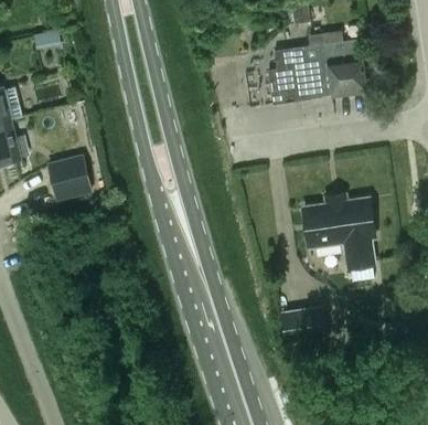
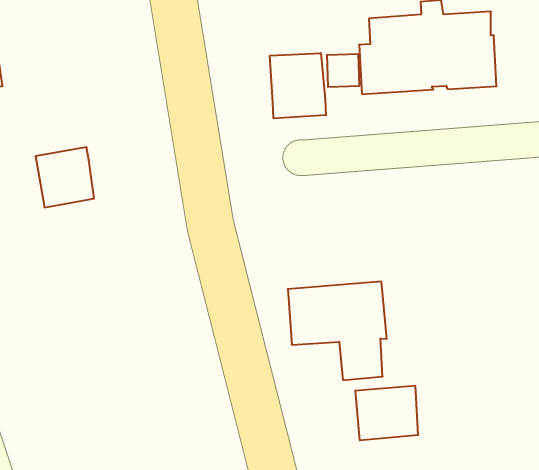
building: none -> [270,53,326,118]
building: [303,198,375,268] -> [288,282,387,380]

